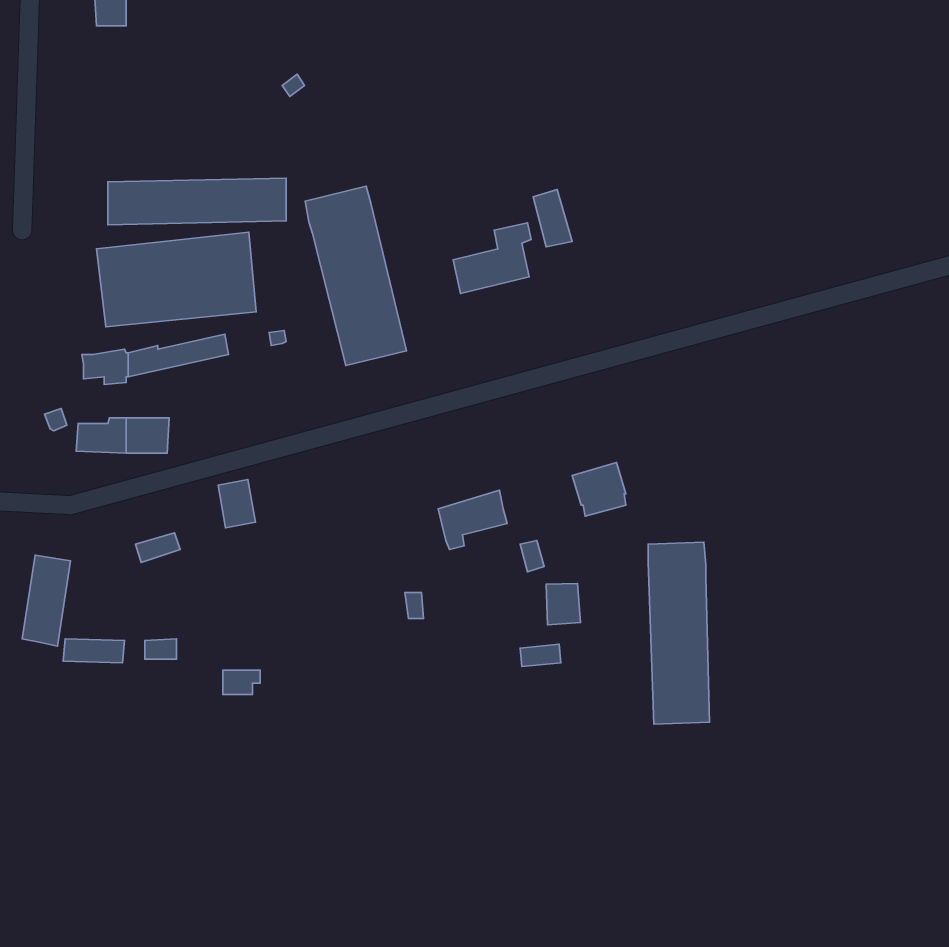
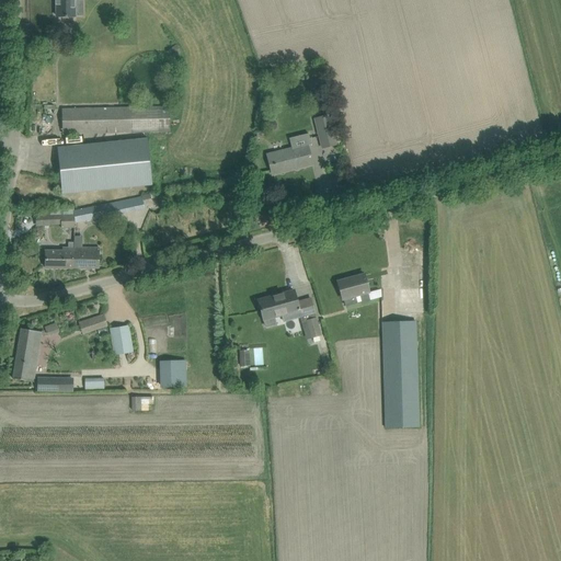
building: [305,186,406,365] -> none
building: [218,479,255,528] -> [111,325,133,354]
building: [546,583,580,625] -> none
building: none -> [161,360,186,386]

